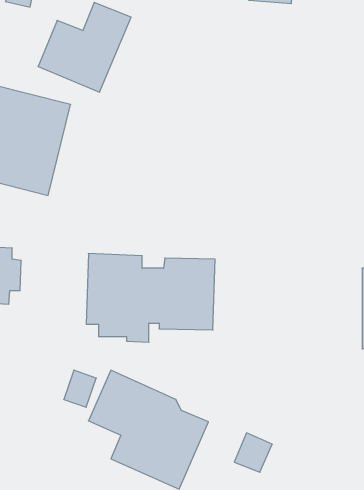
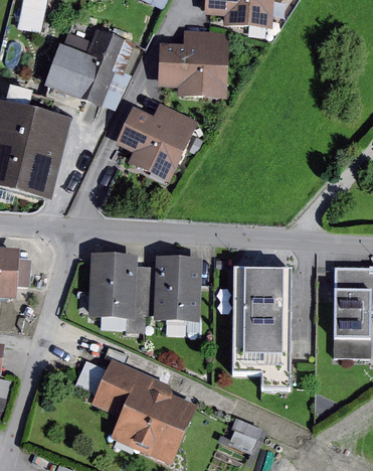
building: none -> [157,29,228,98]
building: none -> [115,103,195,179]
building: none -> [233,266,296,389]

